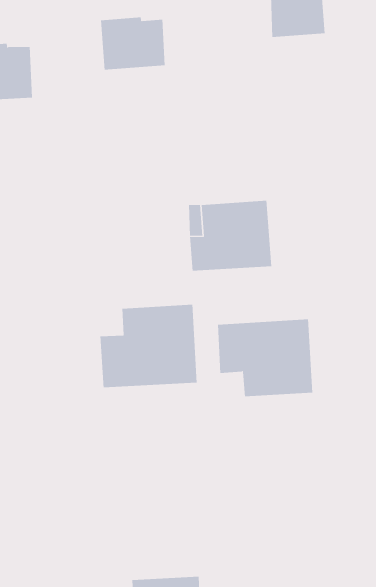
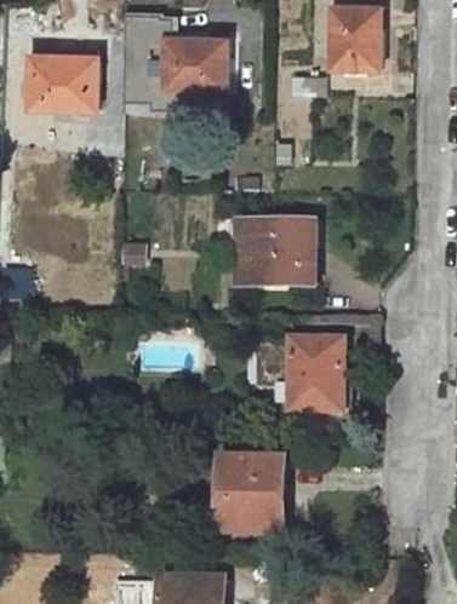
building: [100,304,197,388] -> none
building: none -> [218,459,279,533]

